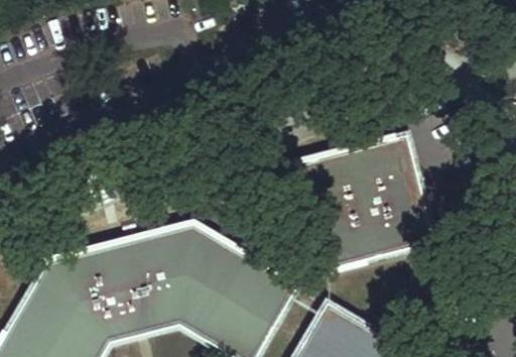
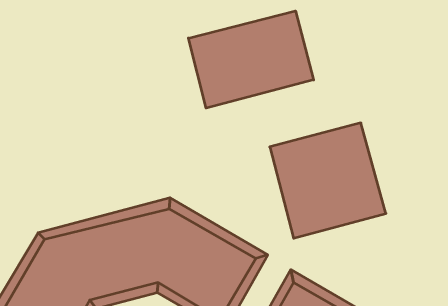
building: none -> [188,11,314,108]

